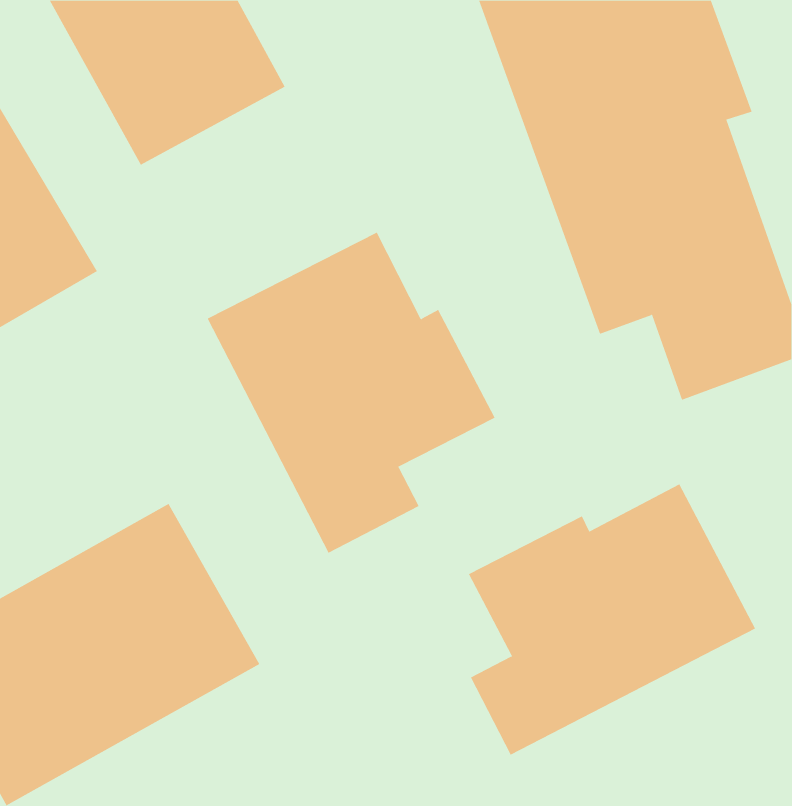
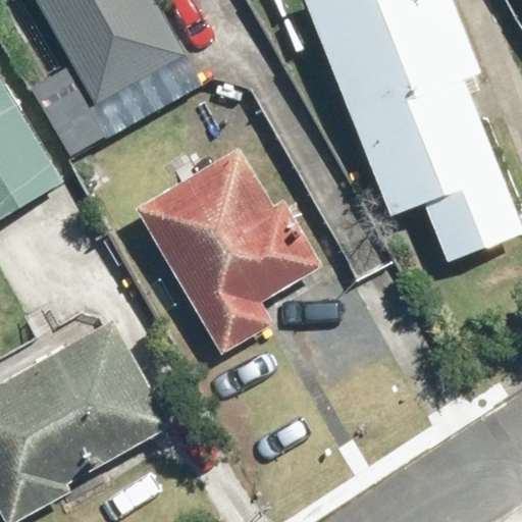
building: [468,484,756,756] -> none

